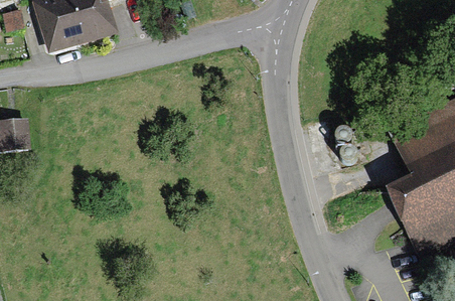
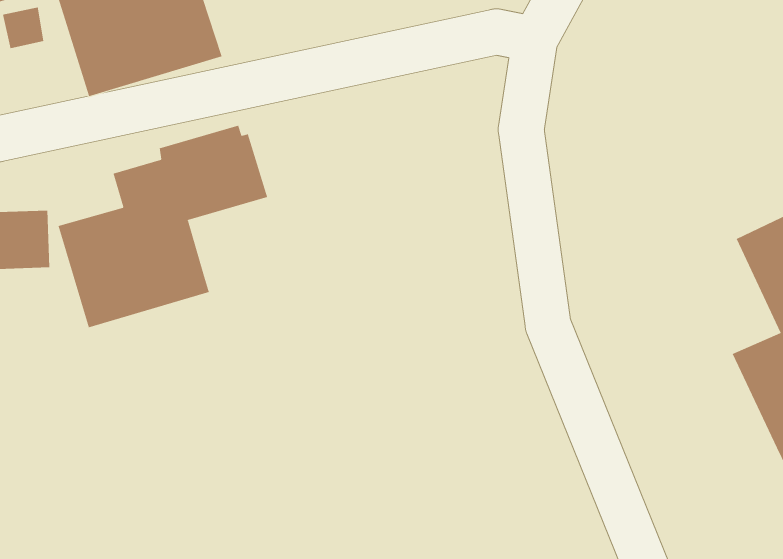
building: none -> [58,125,268,328]

